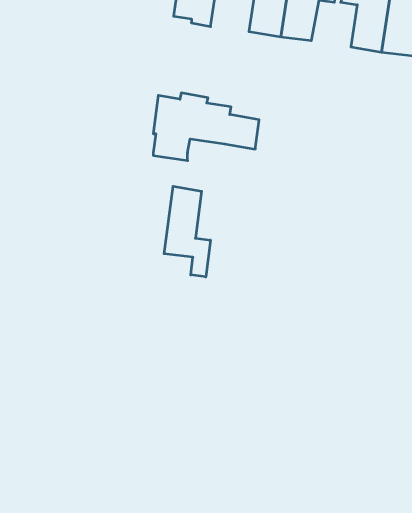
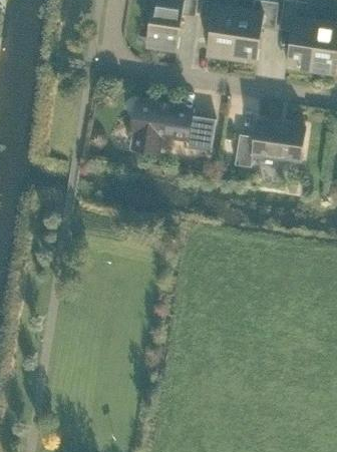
building: none -> [234,123,303,169]
building: [164,186,210,277] -> none

